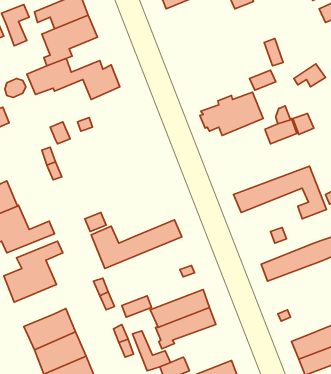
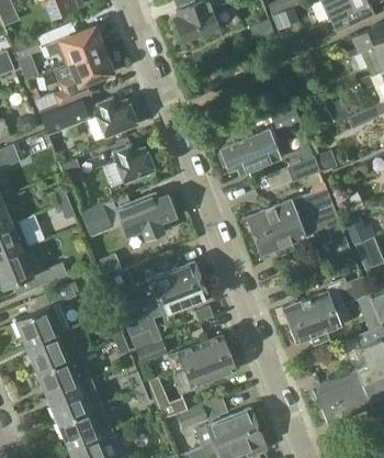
building: none -> [112,143,155,182]
building: none -> [248,183,334,235]
building: none -> [79,193,177,238]
building: none -> [121,279,207,349]
building: none -> [290,304,351,345]
building: none -> [26,328,81,372]

